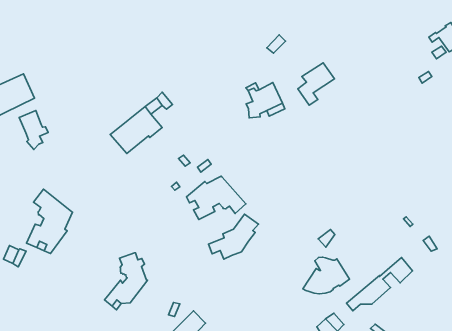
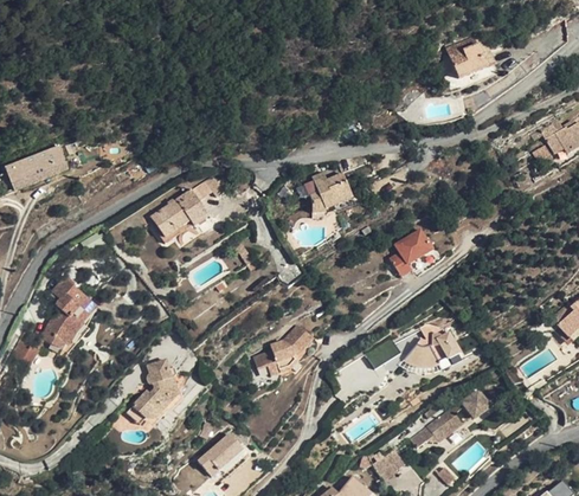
building: [298,63,334,105] -> [390,230,433,278]
building: [19,110,48,150] -> none
building: [186,176,246,220] -> none
building: [303,257,349,294] -> [404,323,459,366]

